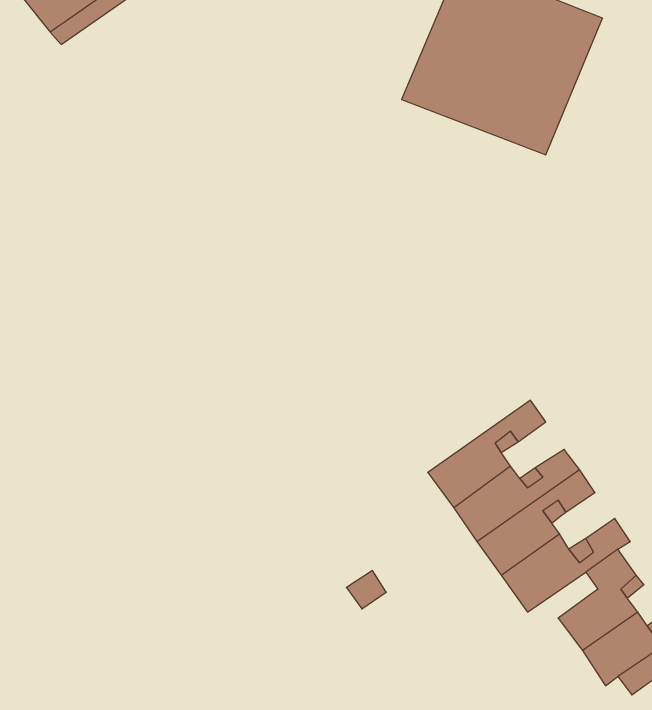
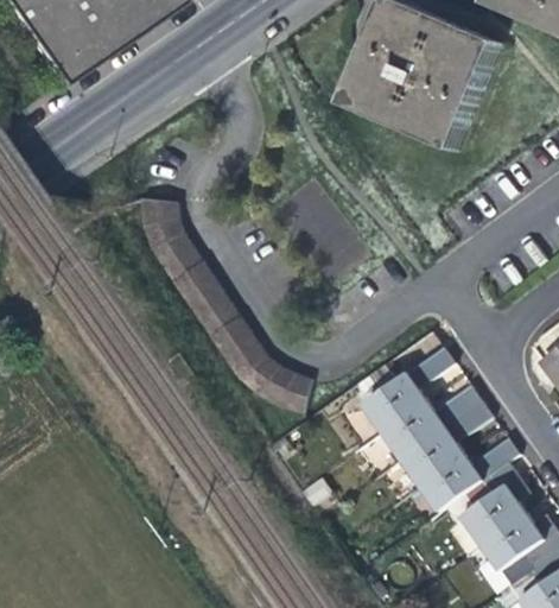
building: none -> [140,208,315,416]

